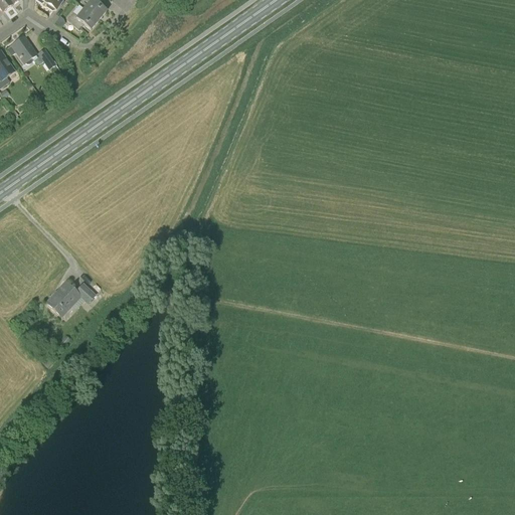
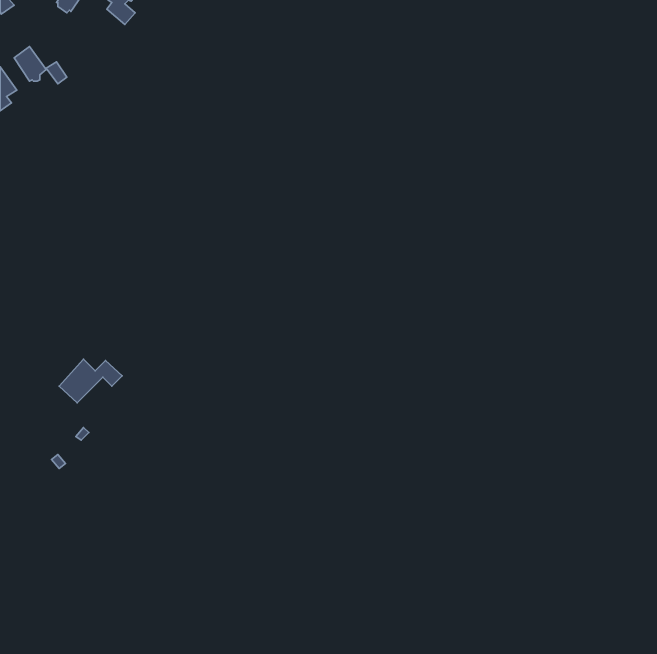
building: [65,7,98,30] -> none

